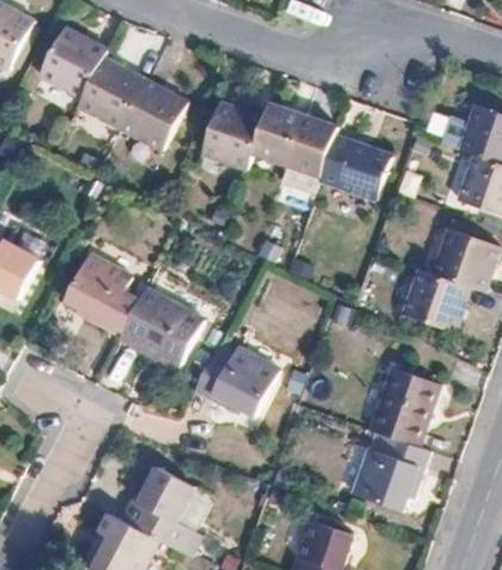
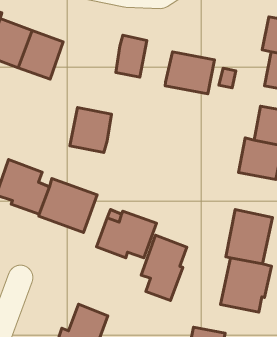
building: [199,102,262,169] -> [70,108,111,152]
building: [284,115,337,176] -> none
building: none -> [141,235,187,301]

